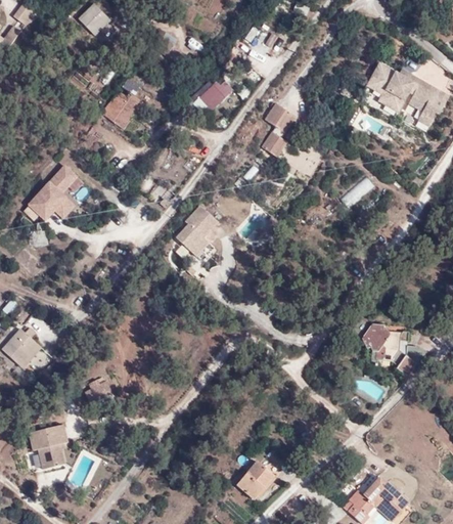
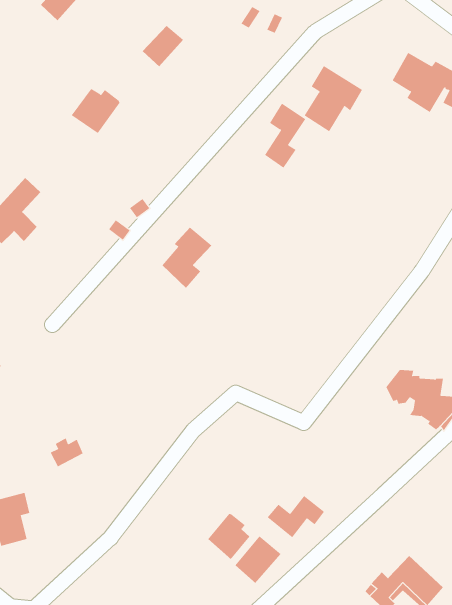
building: none -> [304,65,363,132]
building: [197,74,232,108] -> [142,25,184,67]
building: none -> [267,495,325,538]
building: none -> [207,513,250,560]

